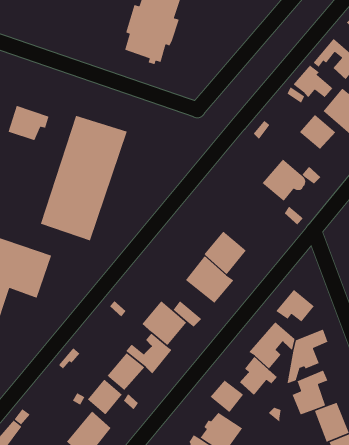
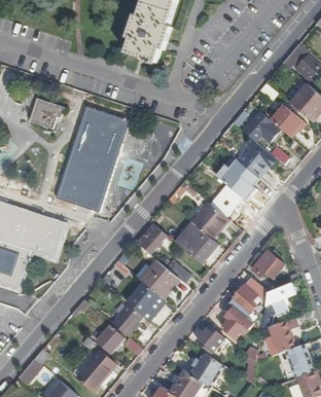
building: [293,65,333,98] -> [242,113,276,141]
building: none -> [222,174,252,207]
building: none -> [137,224,167,254]

